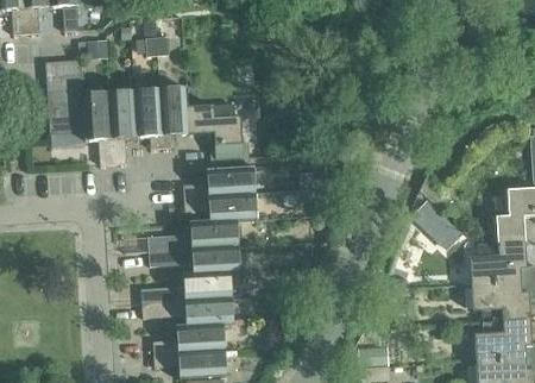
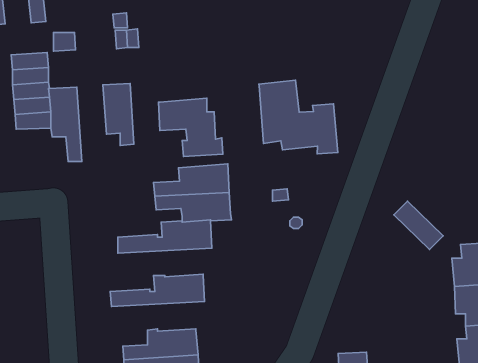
building: none -> [259,80,338,154]
building: [160,87,189,146] -> none
building: [109,89,138,163] -> none
building: [149,246,240,274] -> none
building: [143,297,234,326] -> none

